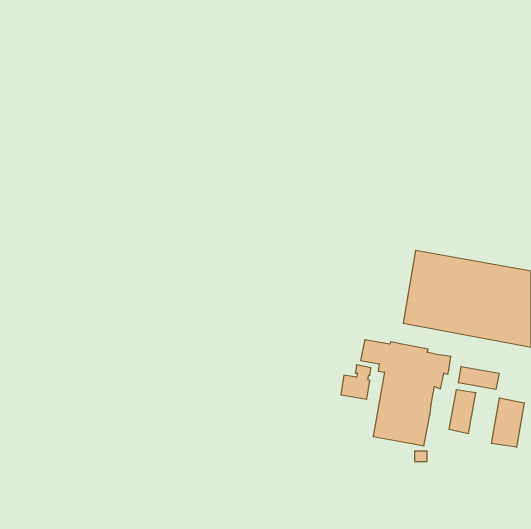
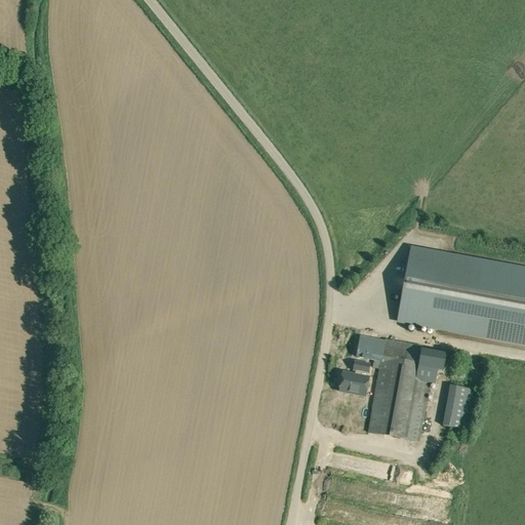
building: [459,366,499,389] -> none
building: [491,398,524,447] -> none

